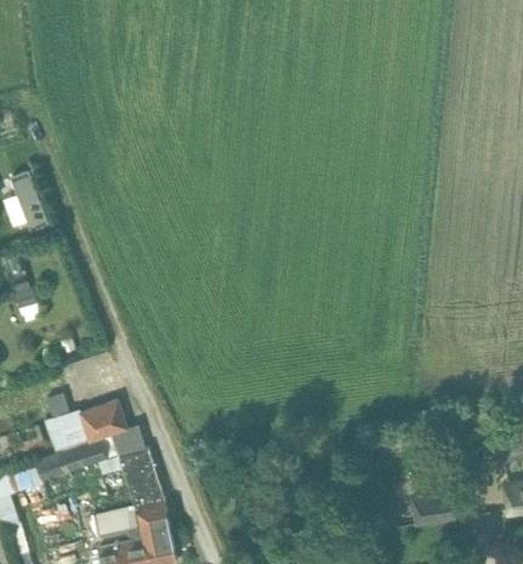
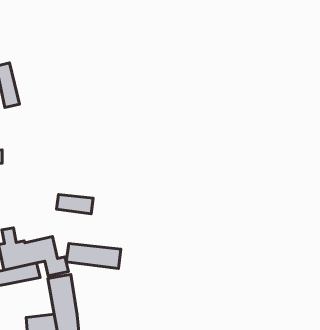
building: none -> [56,194,93,214]
building: none -> [66,244,121,269]

